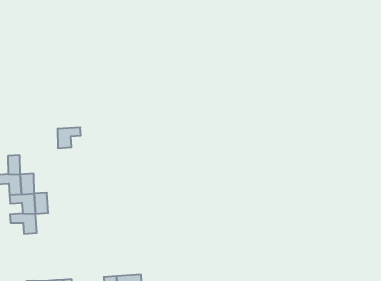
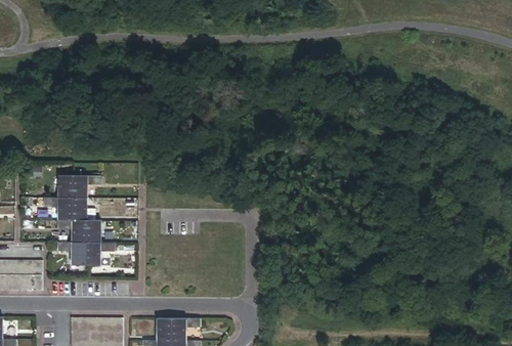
building: [57,127,81,148] -> [71,176,97,198]
building: none -> [85,243,113,265]

